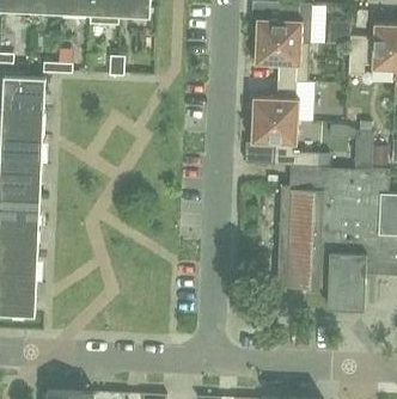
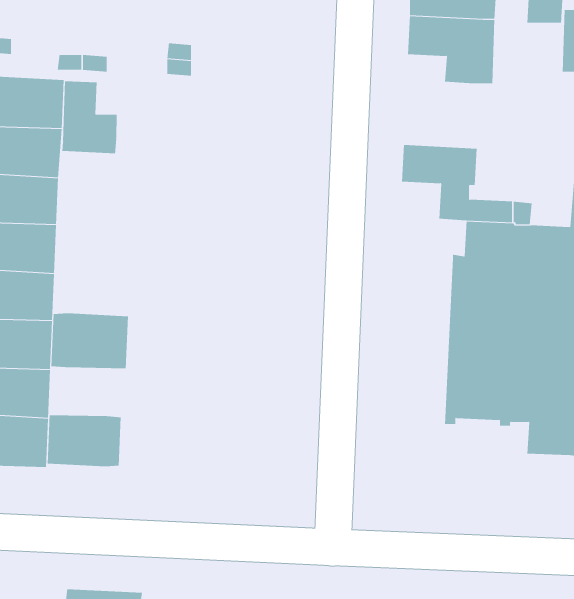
building: none -> [62,81,117,154]
building: [251,81,306,122] -> none
building: none -> [51,313,128,369]
building: none -> [47,415,121,467]

